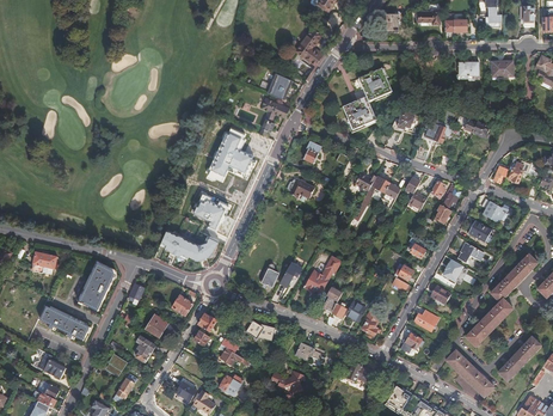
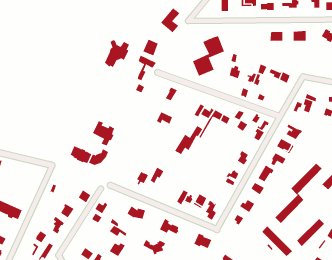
building: [211,133,250,175] -> [104,40,130,68]
building: [301,250,344,294] -> [174,125,203,155]
building: [79,263,115,311] -> none

